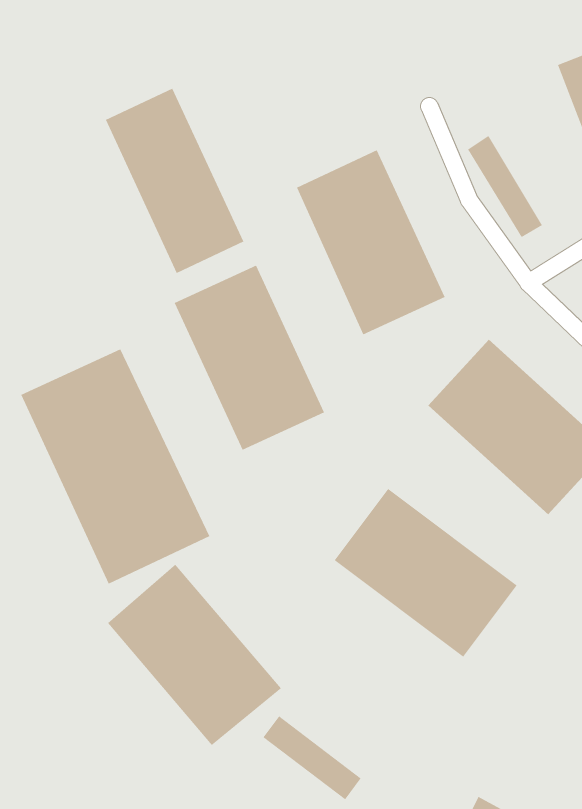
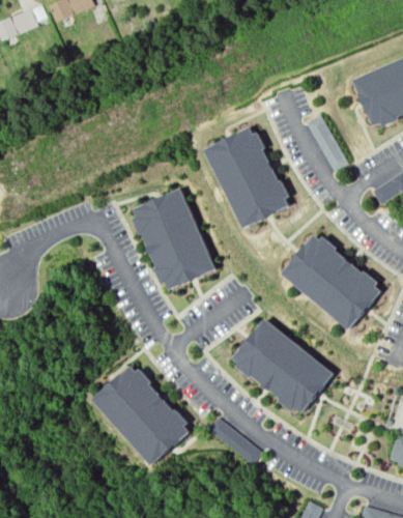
building: [105,88,244,274] -> none
building: [20,348,210,584] -> none
building: [262,716,362,800] -> [207,418,264,466]

